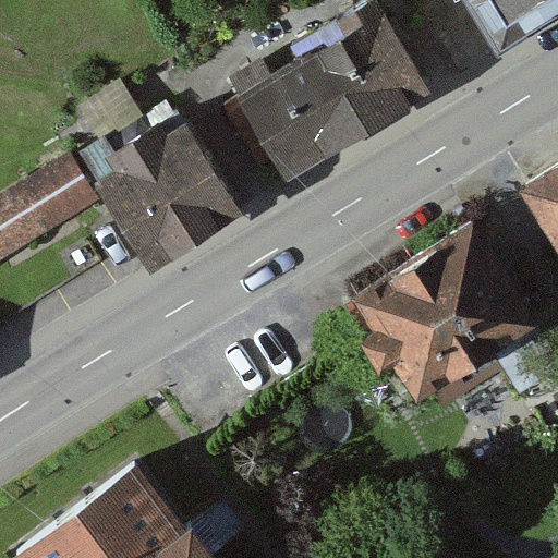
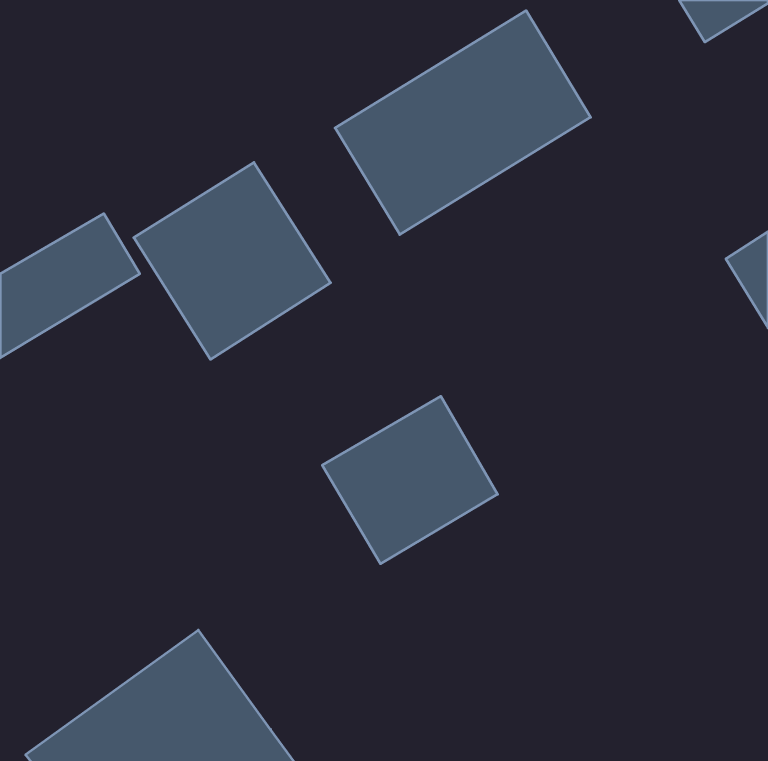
building: [348,223,532,396] -> none
building: none -> [322,396,498,564]

